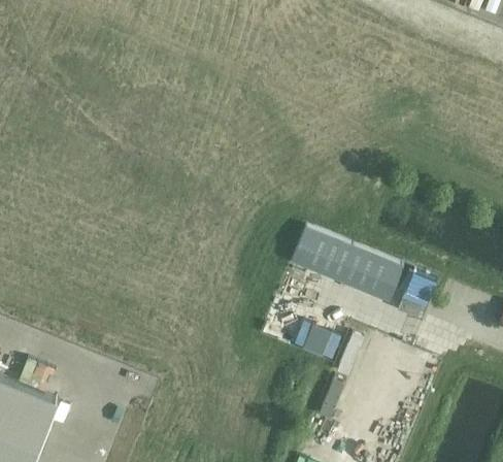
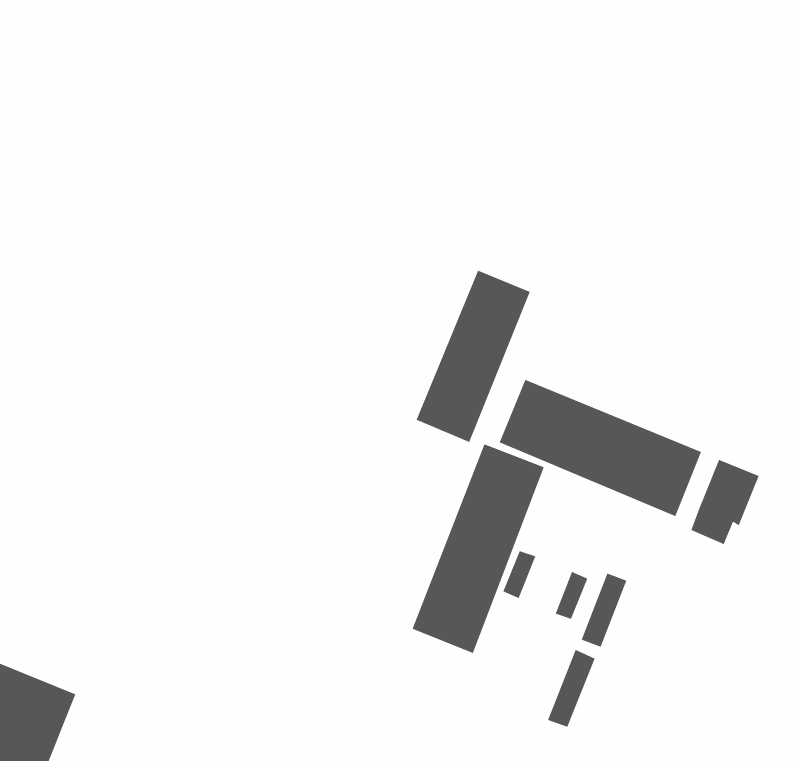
building: none -> [416,270,530,443]
building: none -> [412,443,544,654]

